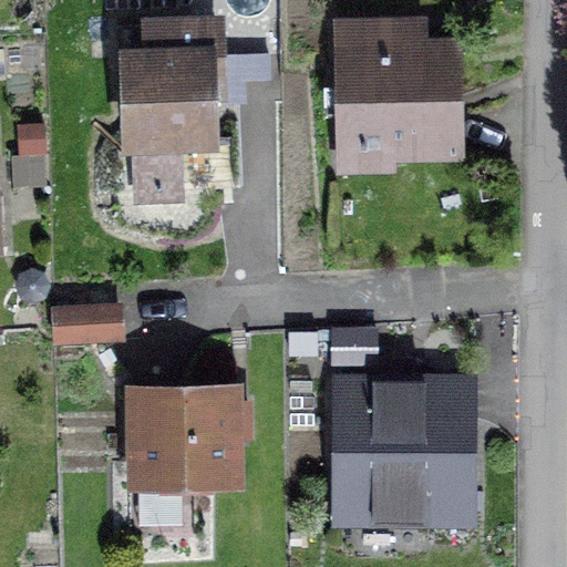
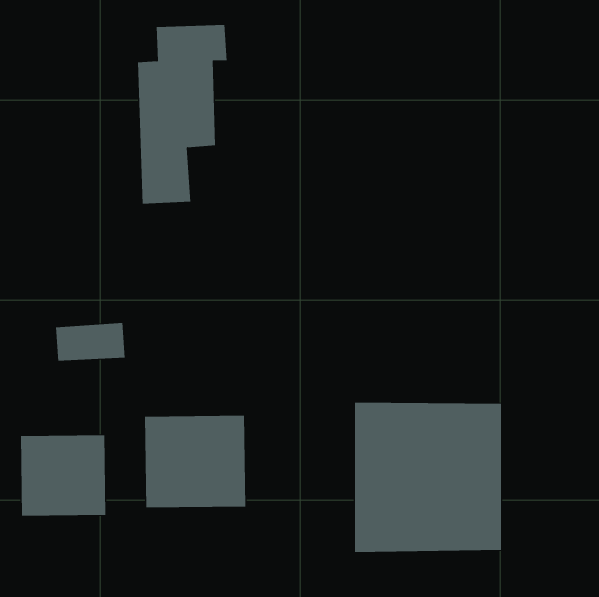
building: [339,23,458,171] -> none
building: none -> [20,435,106,516]

